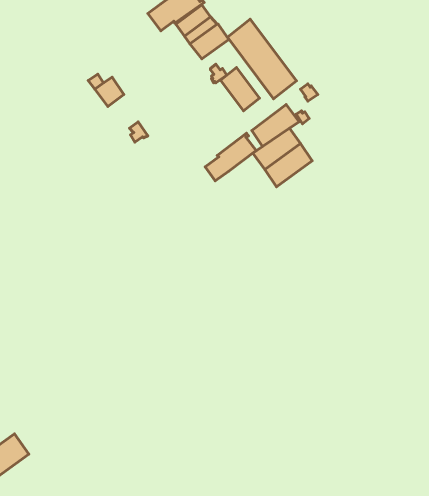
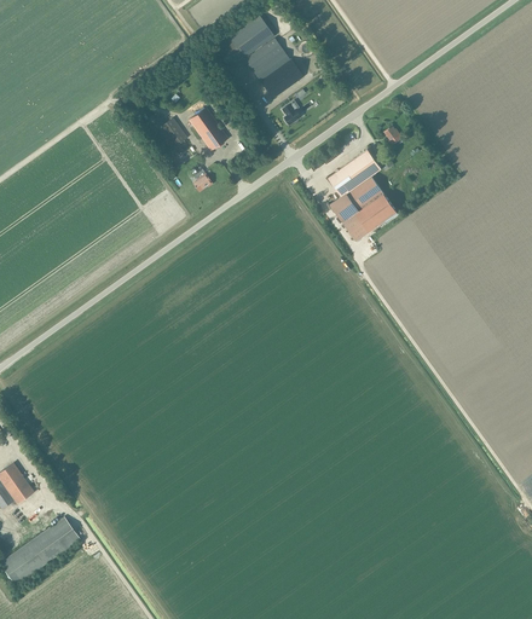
building: [227,19,297,99] -> none
building: [221,67,260,111] -> none
building: none -> [189,108,227,150]
building: [205,133,256,181] -> none

